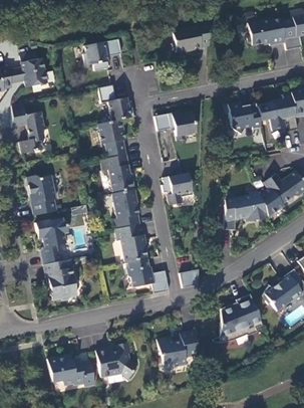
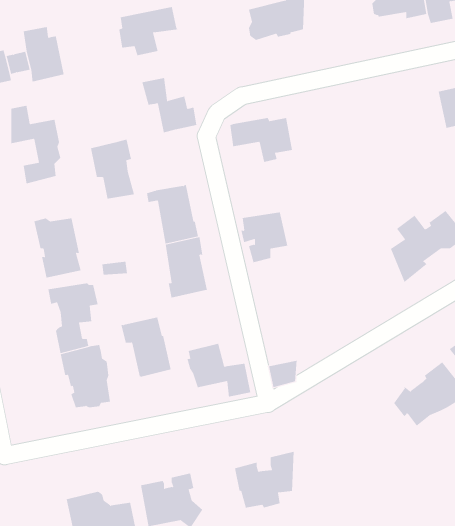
building: [268,93,297,131] -> none
building: [227,101,260,135] -> none
building: [95,119,124,158] -> [90,139,135,199]
building: [224,191,268,230] -> none
building: [114,223,147,262] -> [121,317,172,377]
building: [220,294,262,343] -> none

